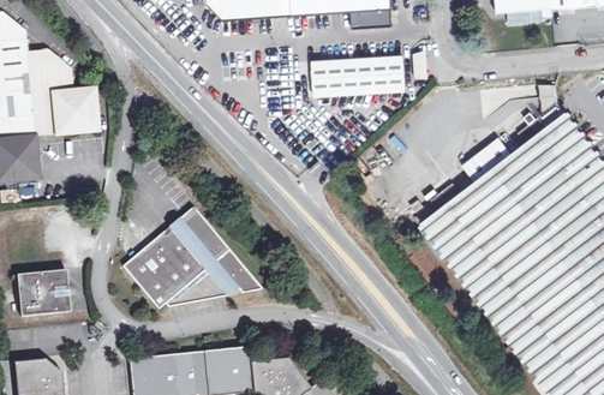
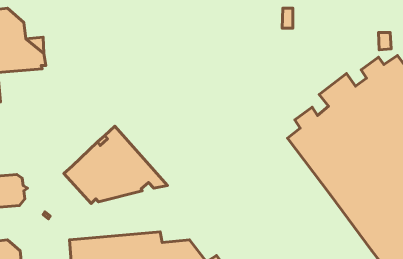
building: [295,55,399,96] -> none

